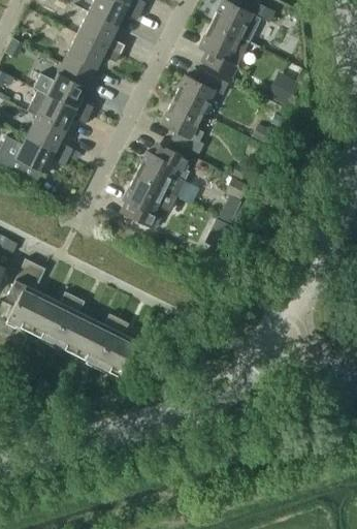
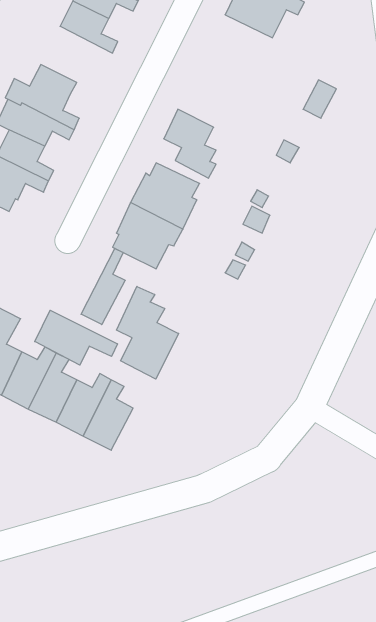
building: [198,23,249,75] -> none
building: [62,32,120,77] -> none
building: [172,72,227,114] -> none
building: none -> [81,248,125,325]
building: none -> [117,286,179,379]
building: none -> [35,310,117,365]

